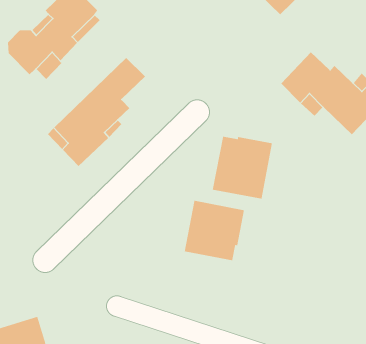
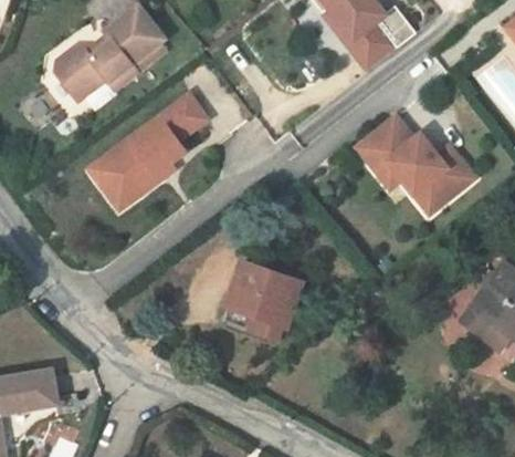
building: [212,136,273,200] -> none

